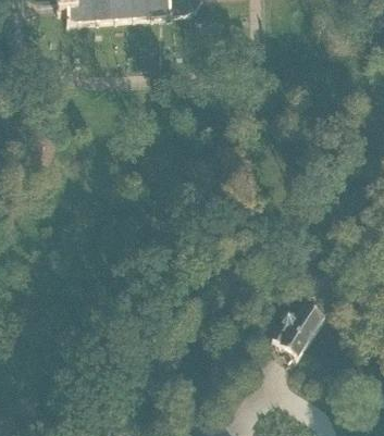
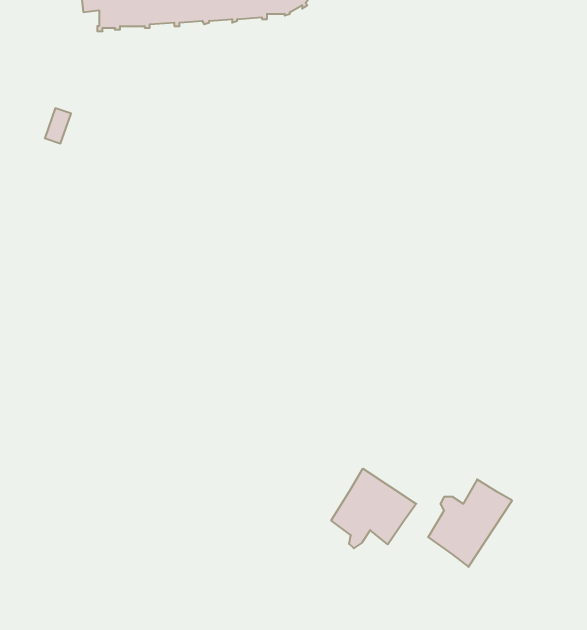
building: none -> [331,469,416,548]

